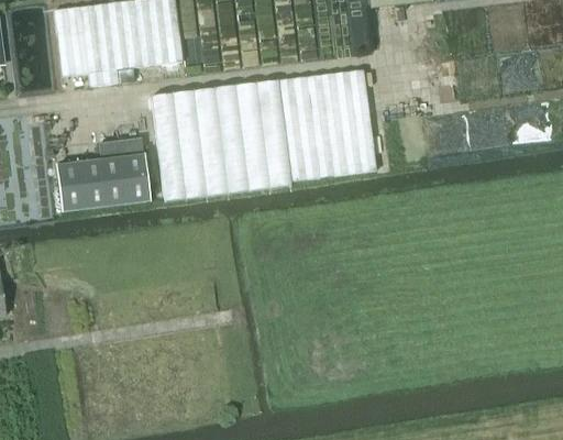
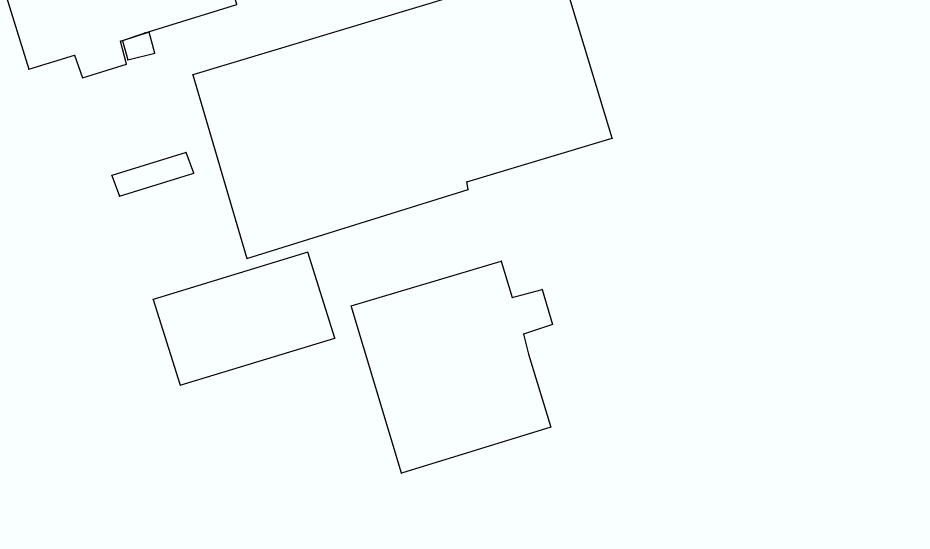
building: [55,153,151,213] -> [153,252,335,385]
building: none -> [351,261,552,473]

